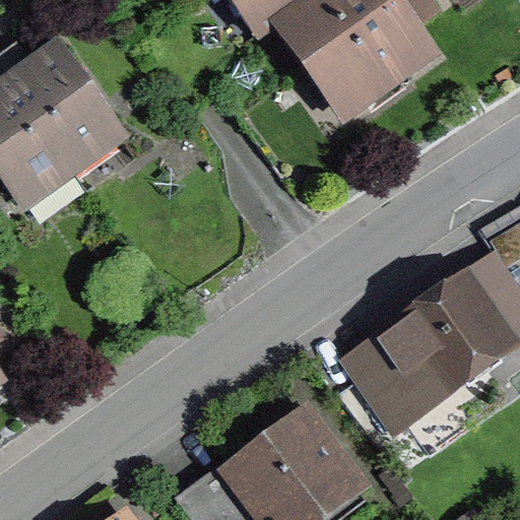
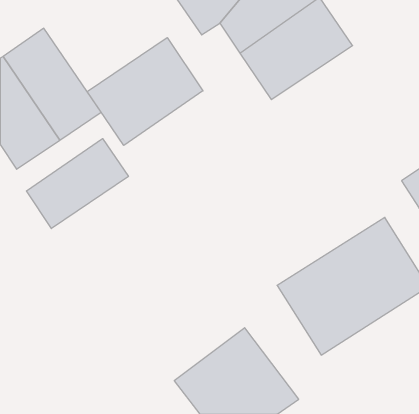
building: none -> [87,38,203,145]
building: none -> [26,139,128,229]

